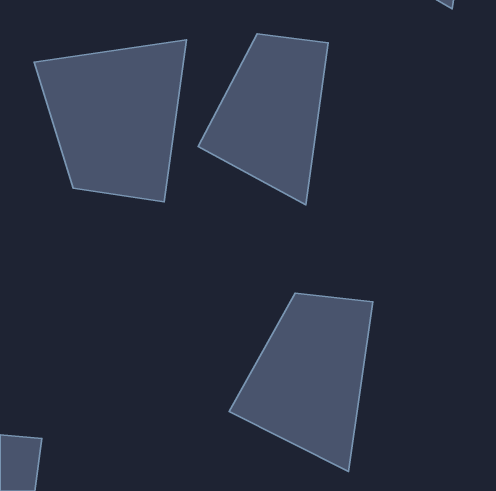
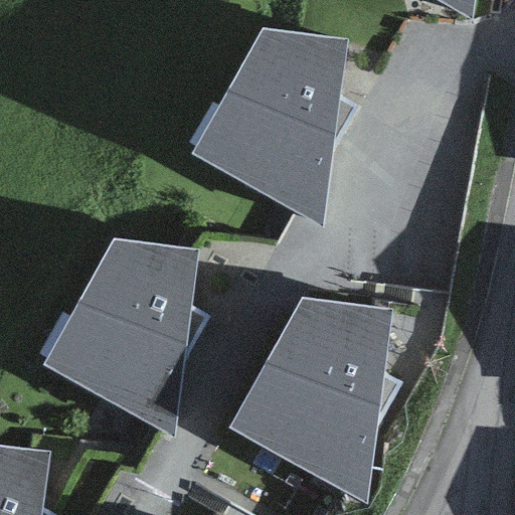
building: [34,40,186,202] -> none
building: none -> [50,244,191,423]

